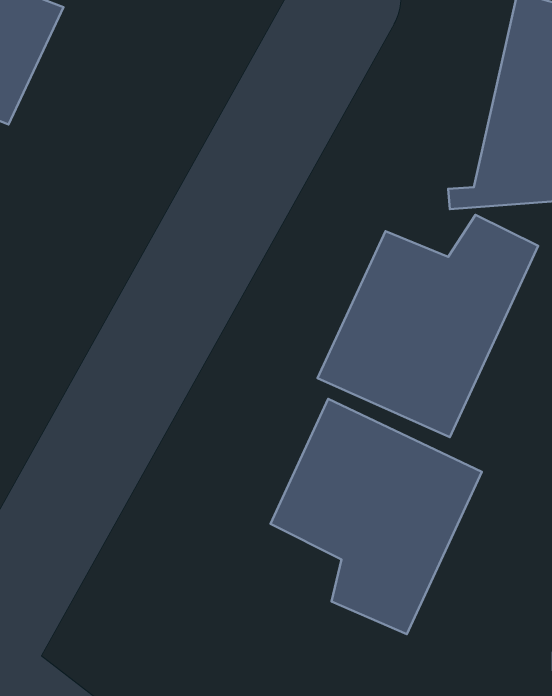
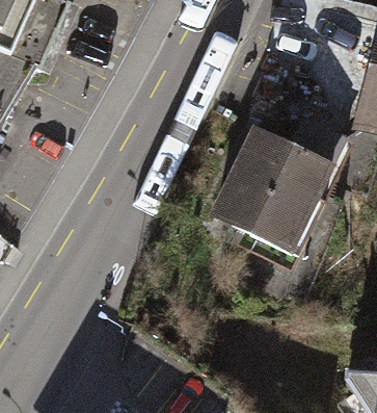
building: [270,399,482,634] -> none

